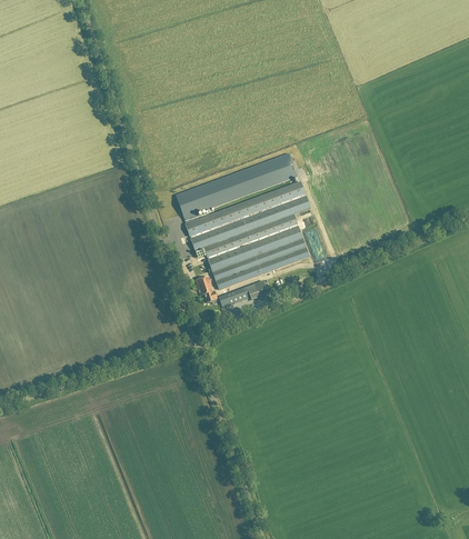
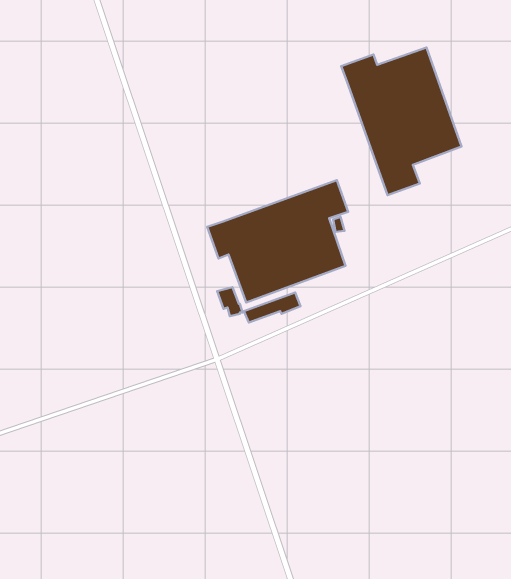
building: none -> [341,47,461,195]
building: [176,153,298,222] -> none

